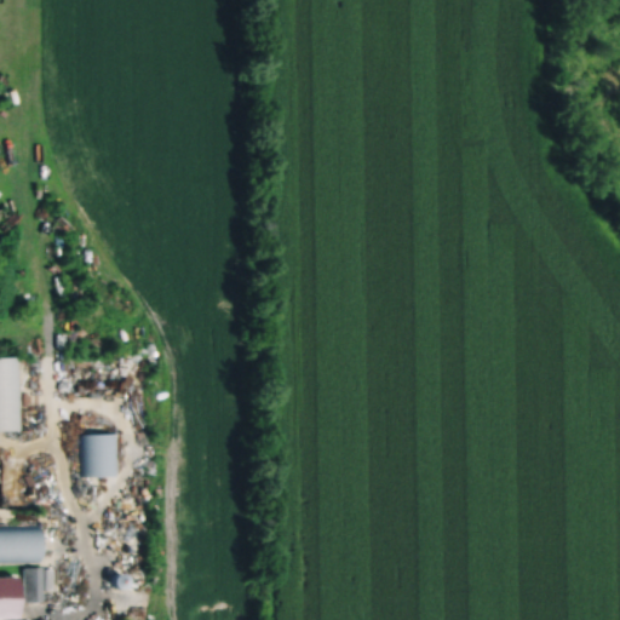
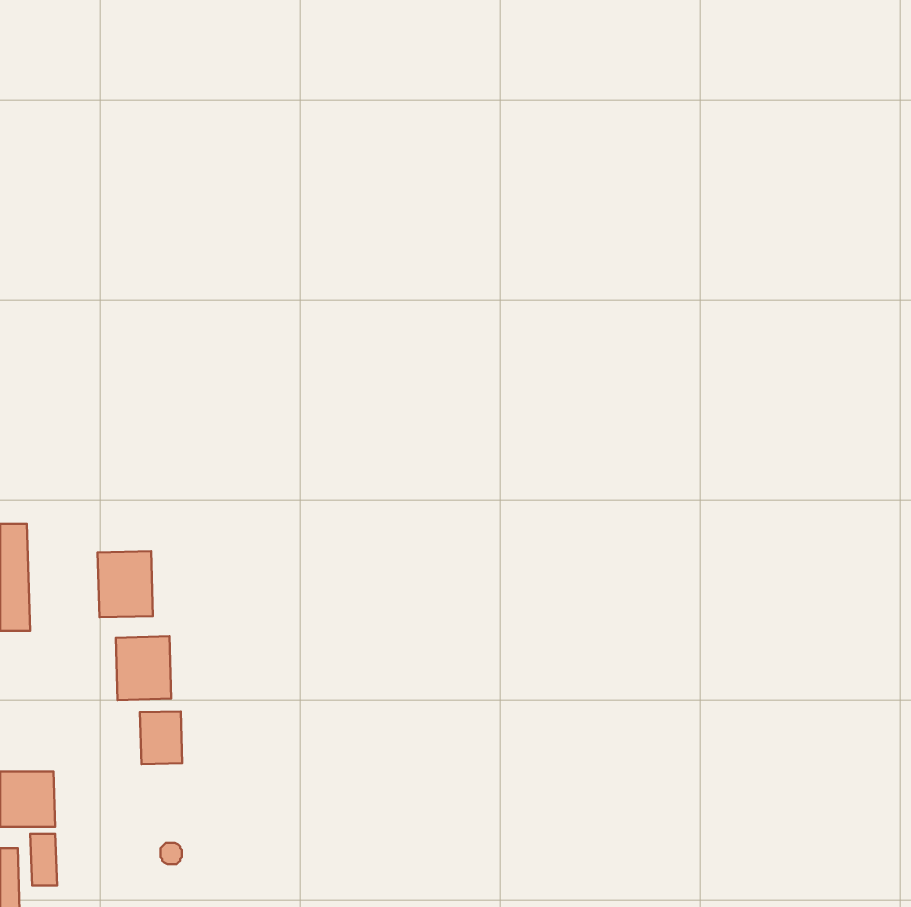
building: none -> [98,551,153,617]
building: none -> [140,711,182,764]

